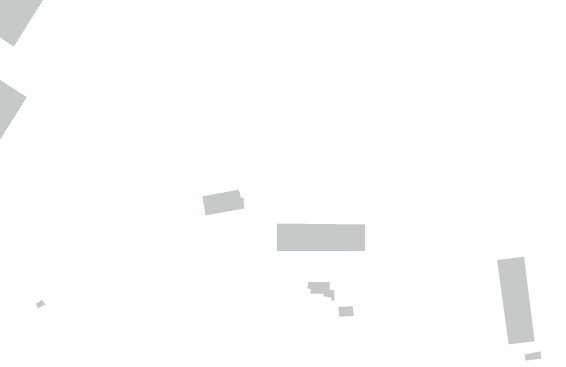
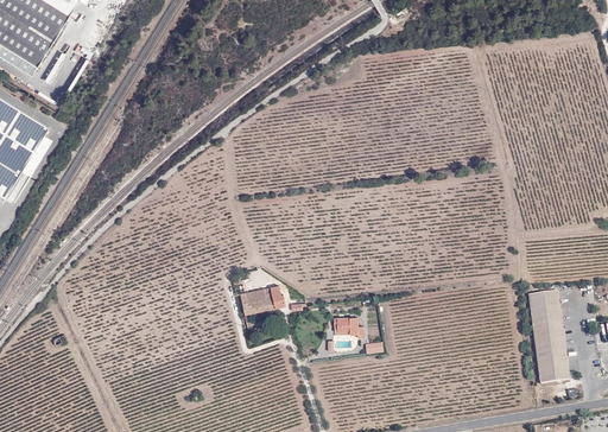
building: [201,189,245,216] -> [240,285,285,312]
building: [276,223,366,252] -> none

